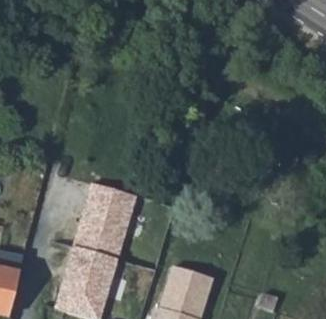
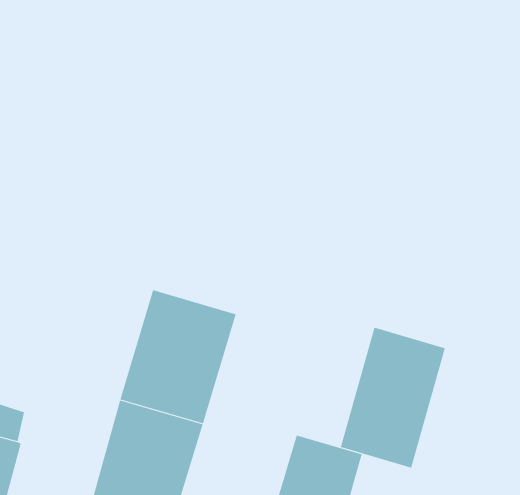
building: none -> [340,327,446,469]

